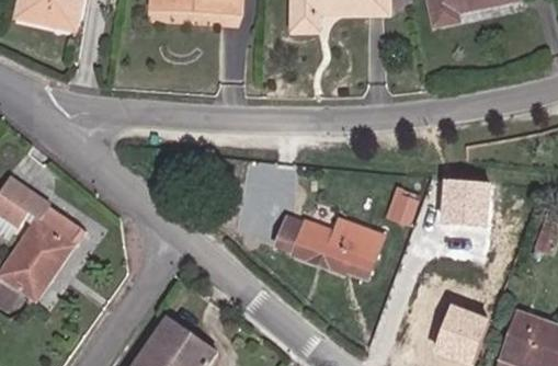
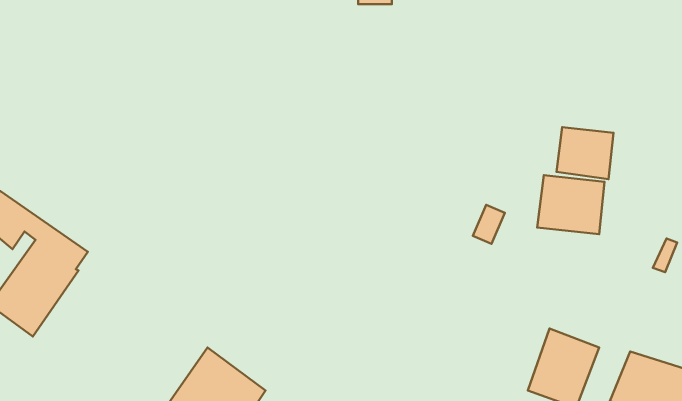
building: none -> [557,127,614,179]
building: [275,214,379,278] -> none

